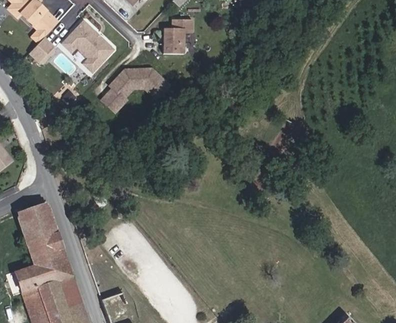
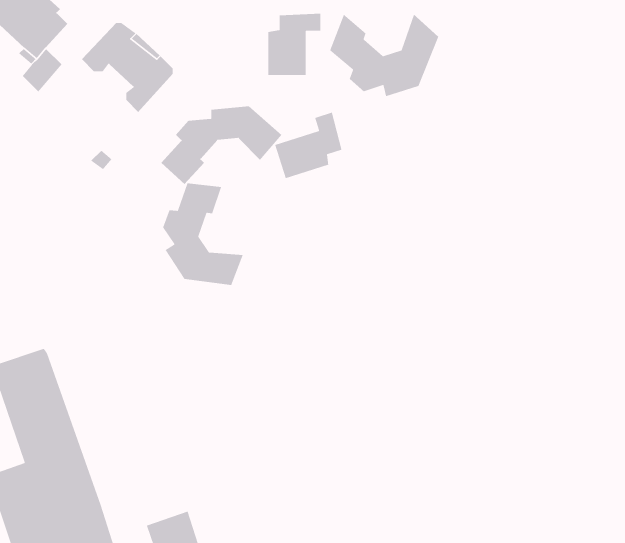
building: none -> [329,14,439,97]
building: none -> [274,112,343,179]
building: none -> [162,182,244,286]

